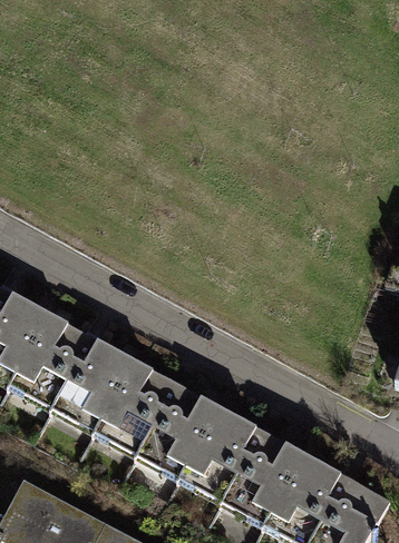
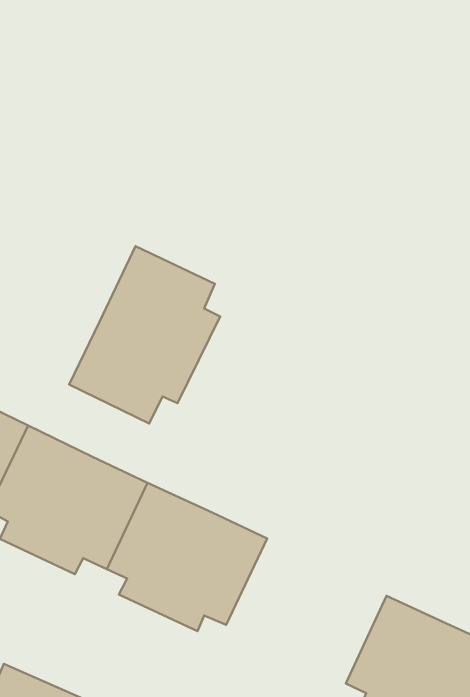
building: none -> [69,246,220,424]
building: [185,405,303,516] -> none

